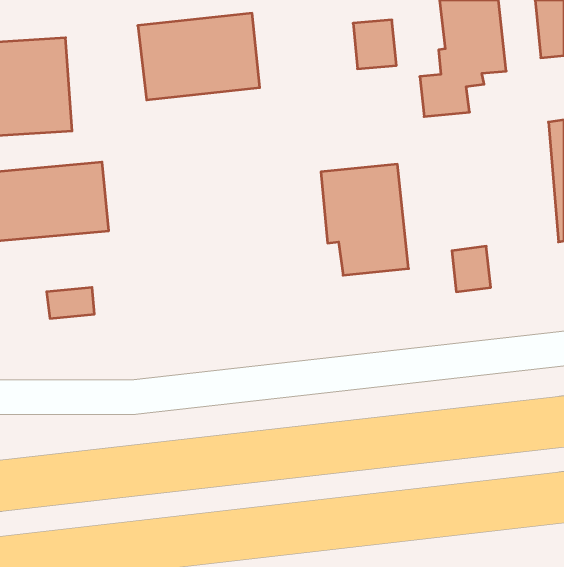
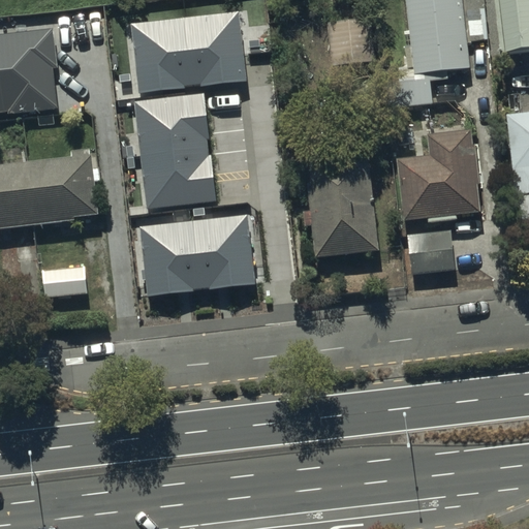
building: none -> [131,93,212,208]
building: none -> [400,129,484,220]
building: none -> [137,215,252,295]

